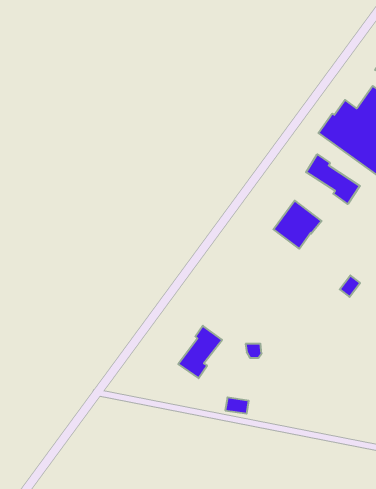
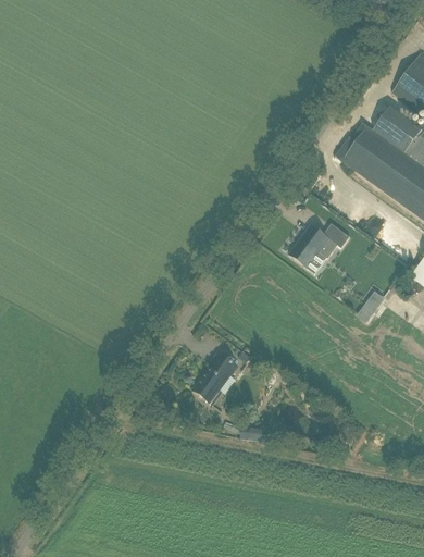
building: [306,154,360,204] -> none

